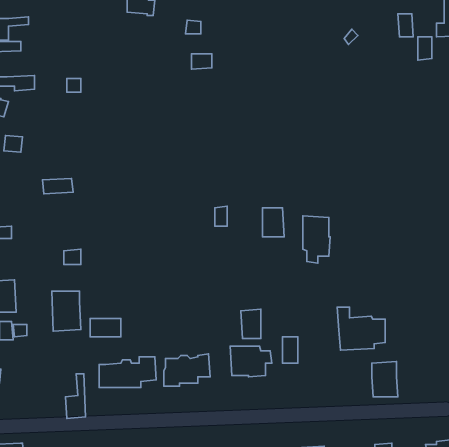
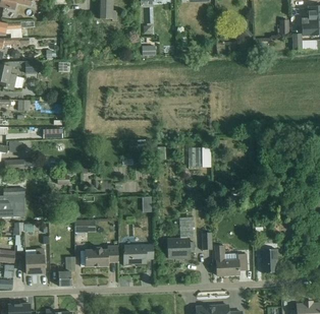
building: [303,216,330,263] -> none
building: [52,291,81,331] -> [25,248,45,274]
building: [337,307,385,350] -> [215,246,247,274]

